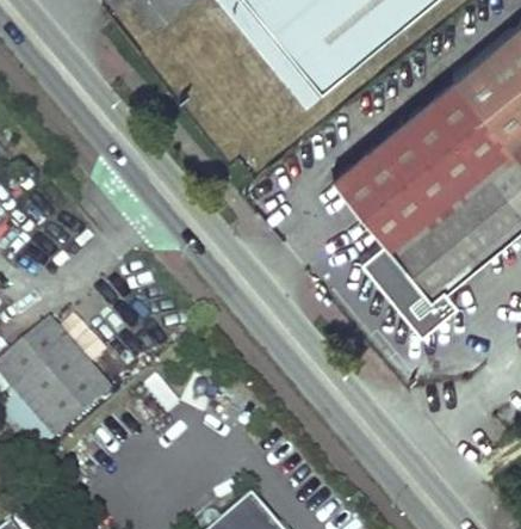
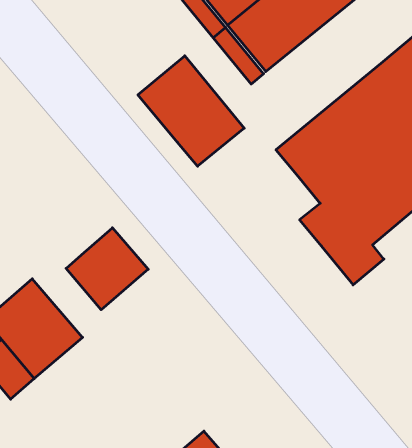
building: none -> [138,56,244,166]
building: none -> [66,228,148,310]

